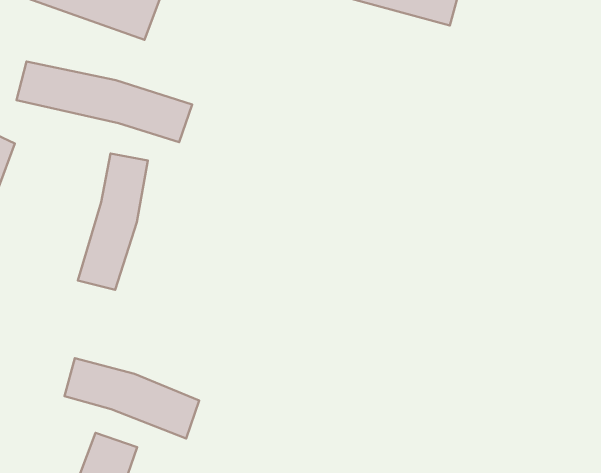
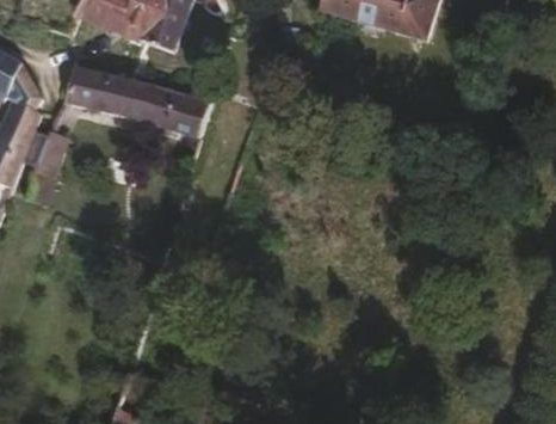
building: [78,154,148,290] -> none
building: [64,358,199,438] -> none

